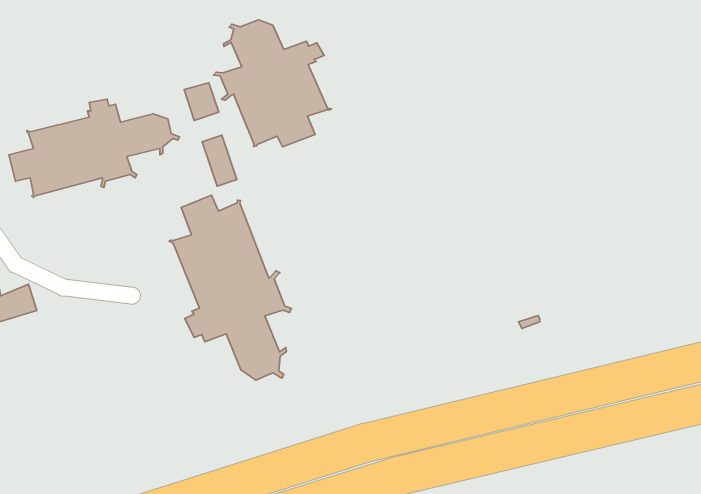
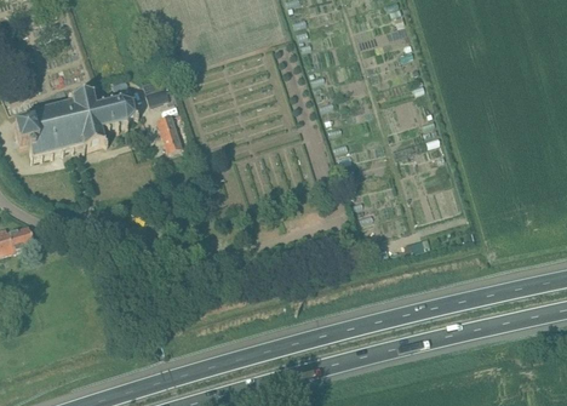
building: [213,20,331,147] -> none
building: [169,195,292,380] -> none

